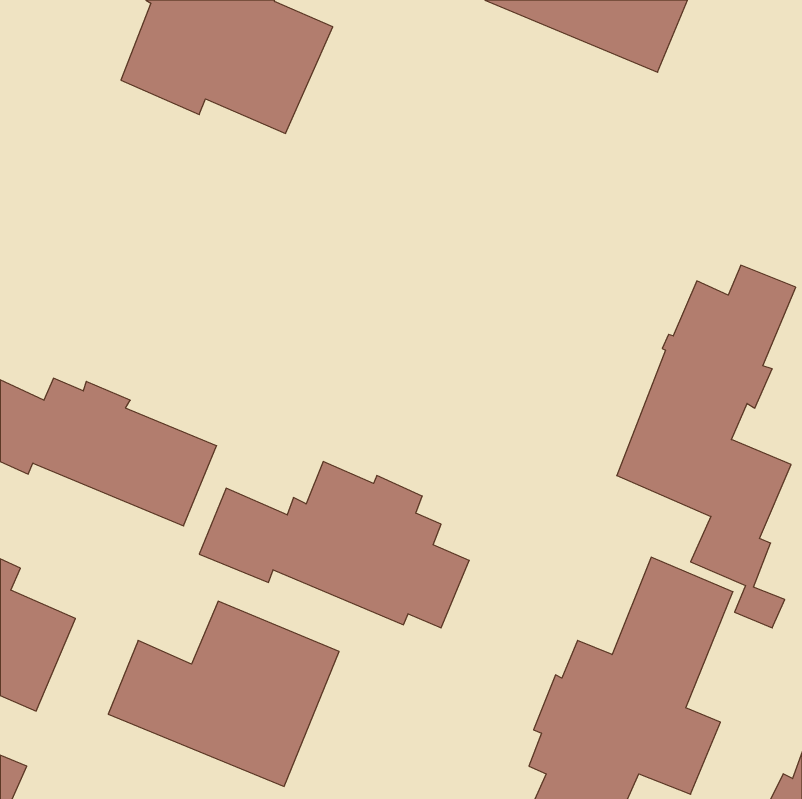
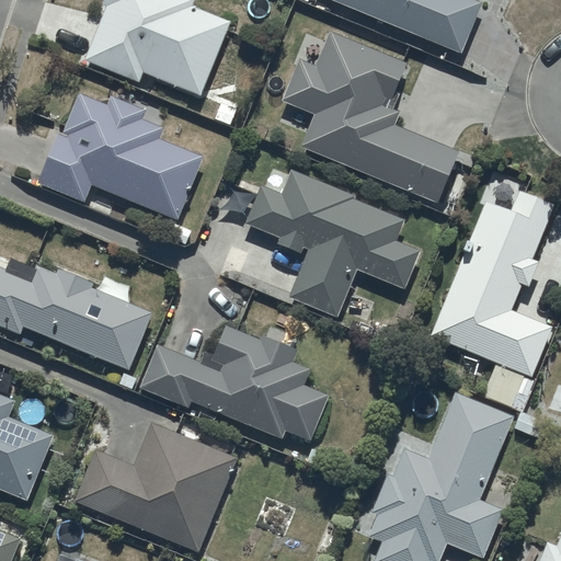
building: none -> [283,30,459,203]
building: none -> [35,92,202,217]
building: none -> [245,170,419,317]

